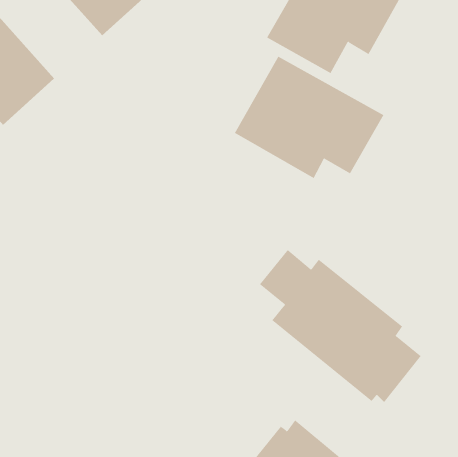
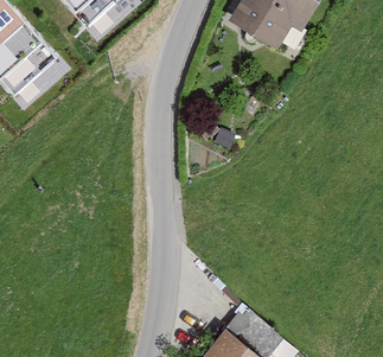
building: [234,56,384,179] -> none
building: [259,249,421,403] -> none

